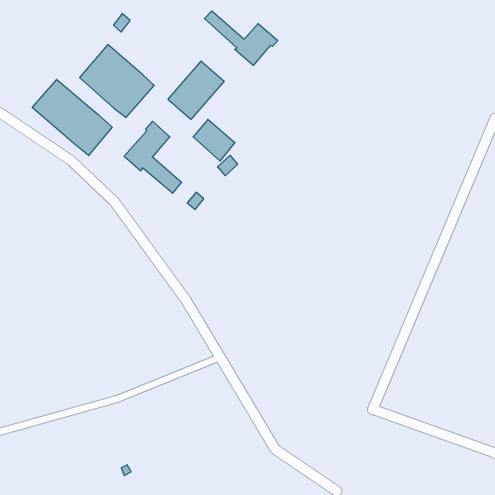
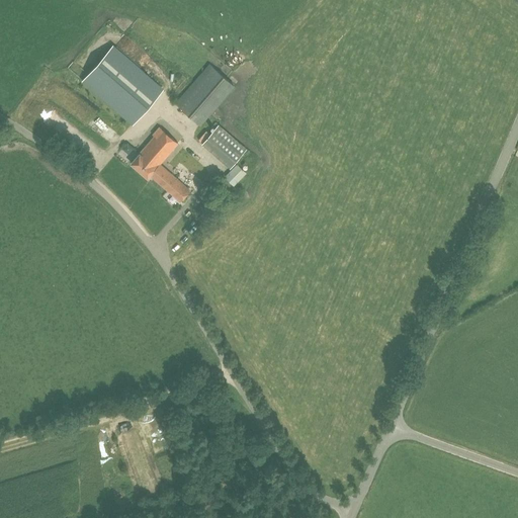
building: [204,11,278,65] -> none
building: [32,79,112,156] -> none

